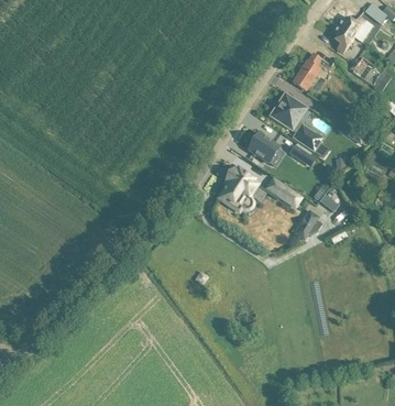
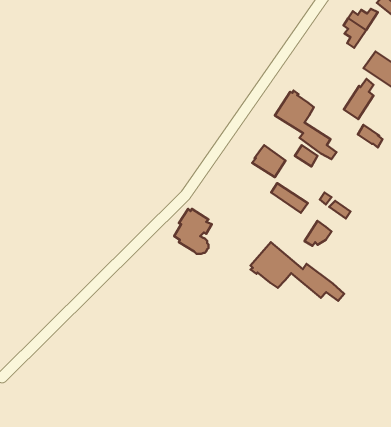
building: [292,52,319,89] -> [344,79,374,119]
building: [221,167,256,209] -> [174,209,212,254]
building: none -> [250,242,344,301]

